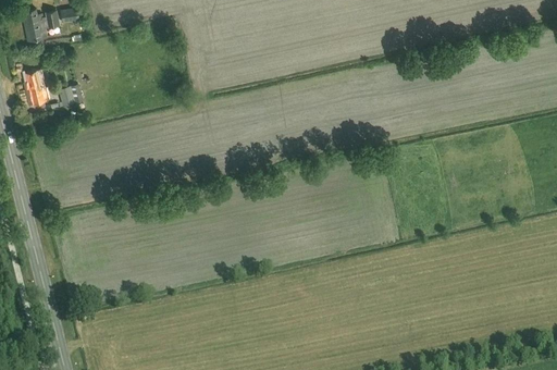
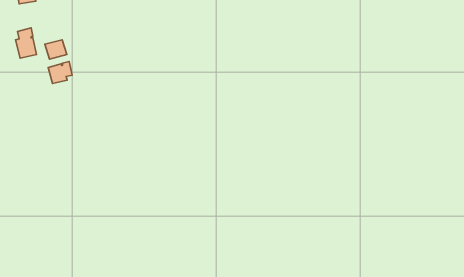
building: none -> [48,62,72,83]

